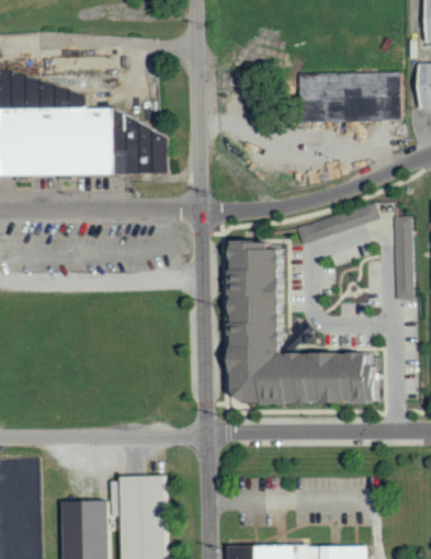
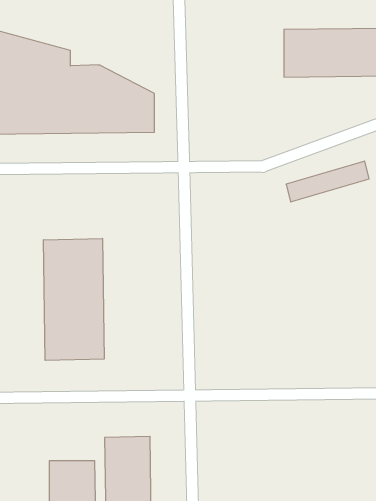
building: [230,241,377,403] -> none
building: none -> [44,238,104,360]

